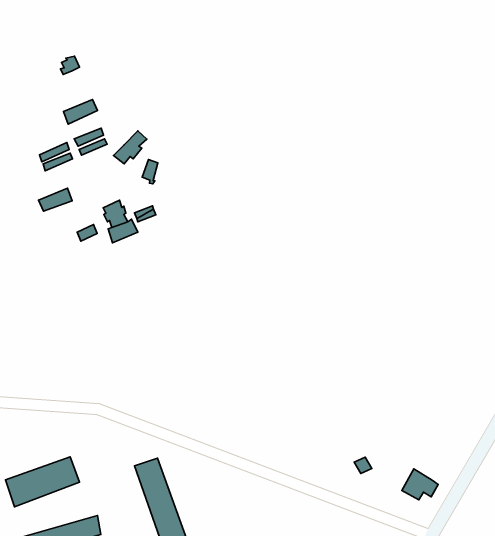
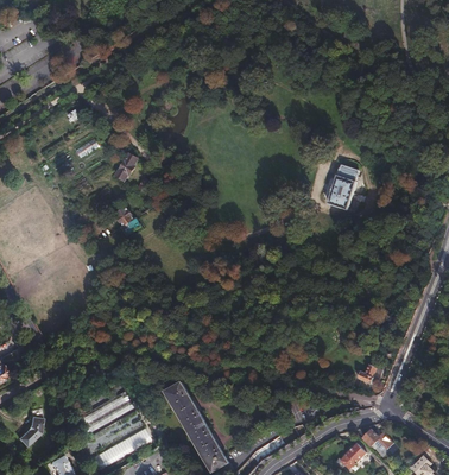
building: none -> [327,165,360,210]

